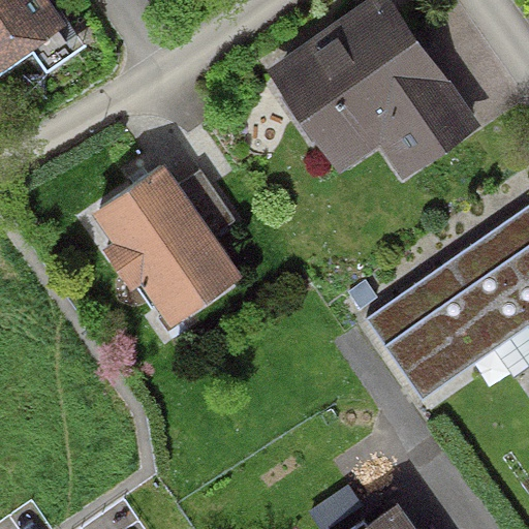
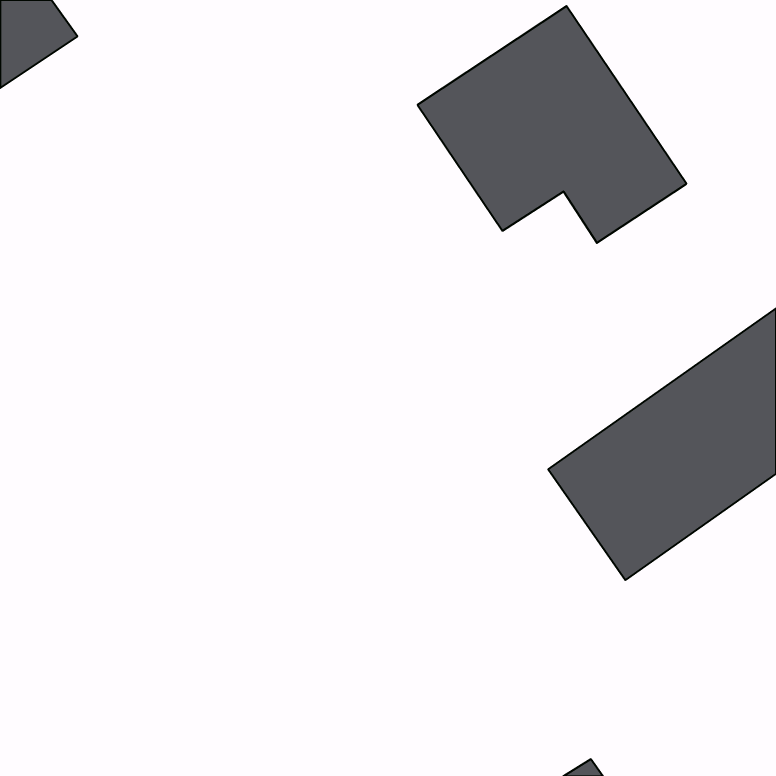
building: [107,178,235,319] -> none

